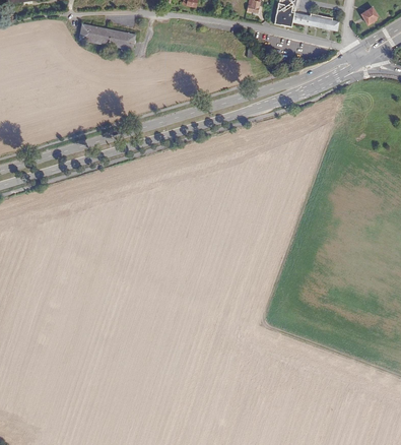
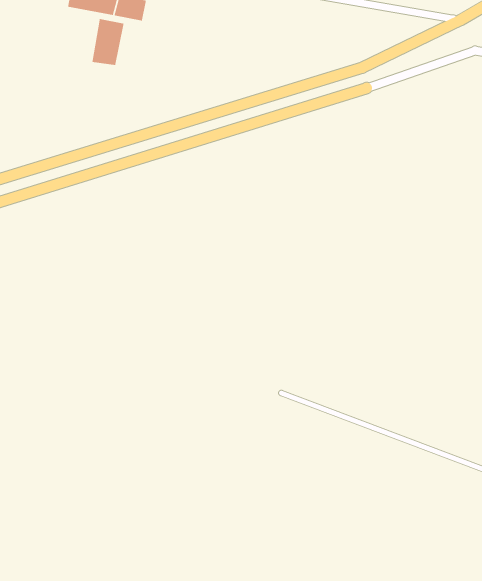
building: none -> [92,18,125,66]

